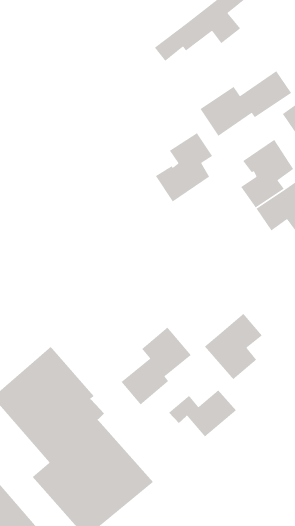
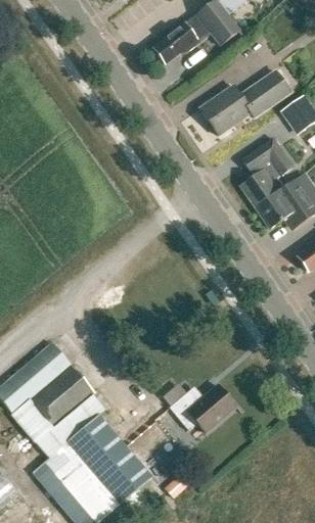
building: [155,132,213,202] -> none
building: [204,313,263,380] -> none
building: [121,326,192,406] -> none

